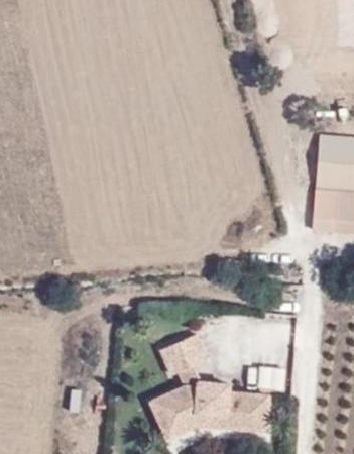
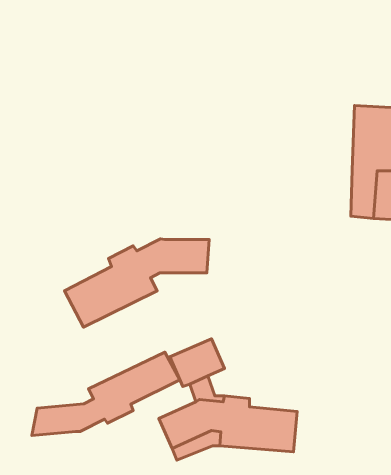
building: none -> [64,239,209,327]
building: none -> [32,352,180,435]

